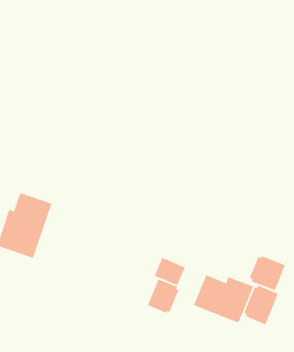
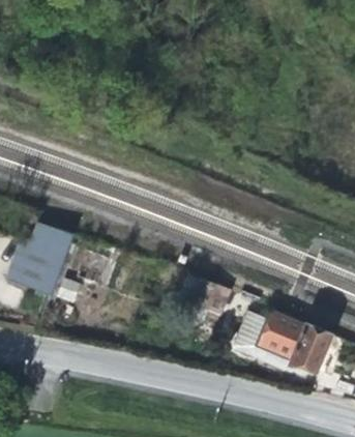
building: [249,255,286,291] -> none
building: [147,279,180,314] -> none

